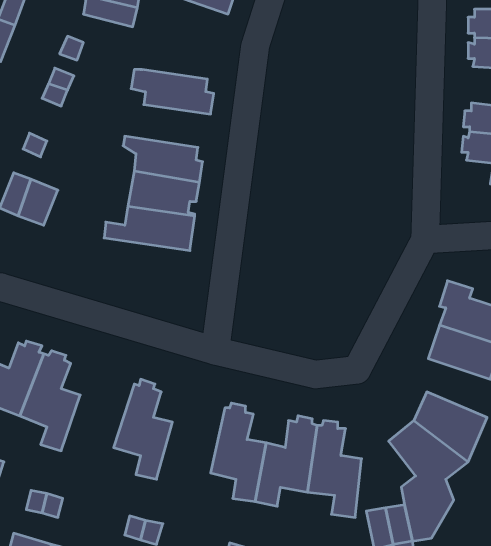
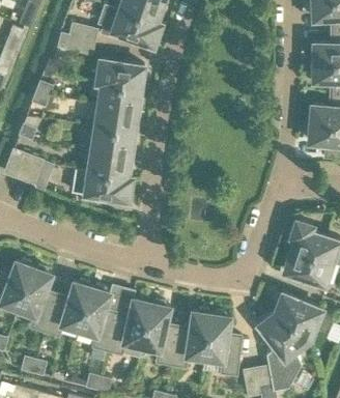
building: none -> [96,58,143,88]
building: none -> [85,105,141,133]
building: none -> [44,280,91,336]
building: none -> [106,296,150,358]

